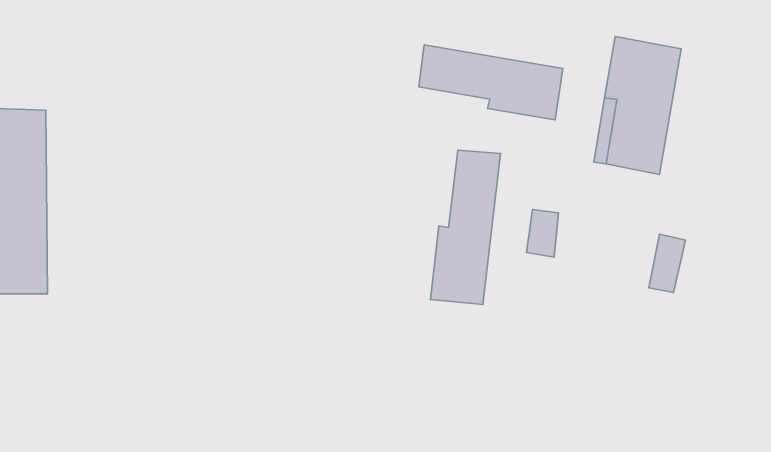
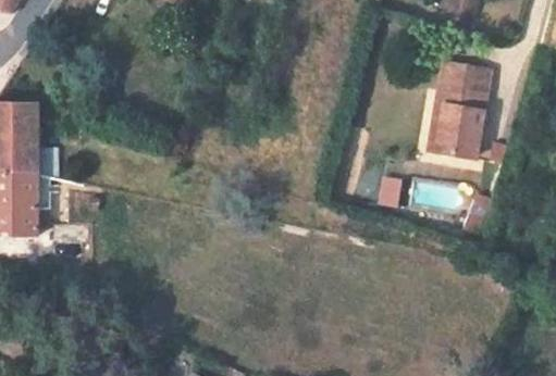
building: [419,45,563,120] -> none
building: [430,150,501,305] -> none

